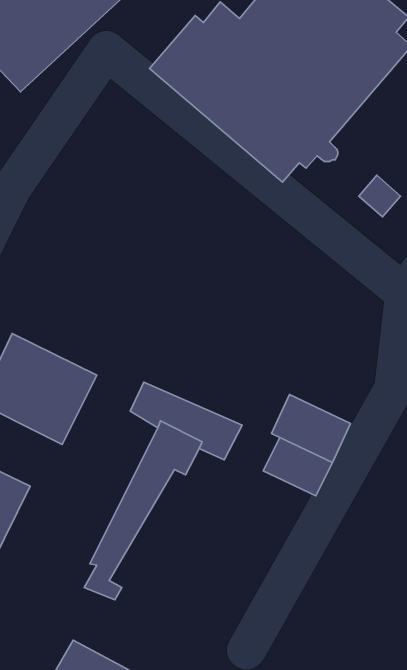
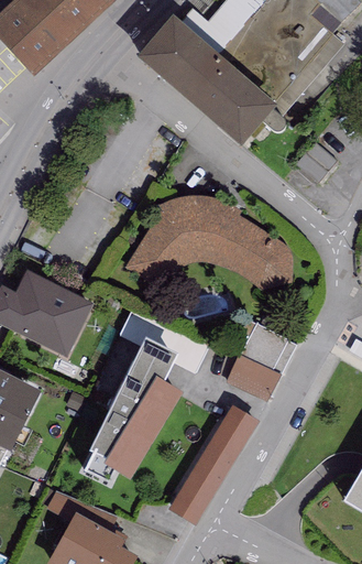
building: none -> [124,194,292,295]
building: none -> [103,378,182,481]
building: none -> [167,402,259,524]

